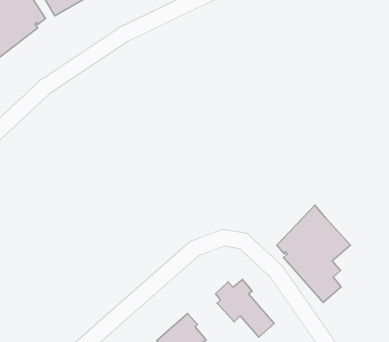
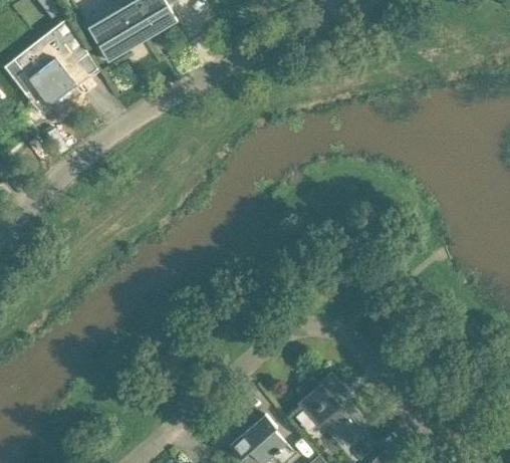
building: [277,205,350,302] -> none

